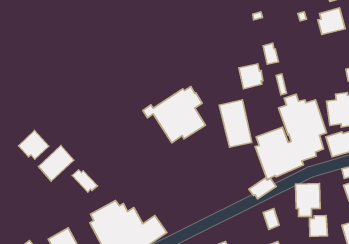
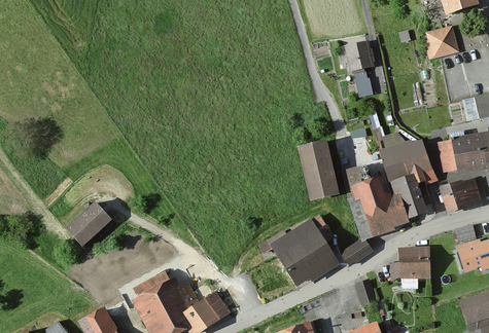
building: [239,64,263,89] -> [346,37,377,69]
building: [143,86,205,143] -> [257,215,338,287]
building: [19,130,49,159] -> none
building: [72,170,97,192] -> none
building: [309,215,327,236] -> none

